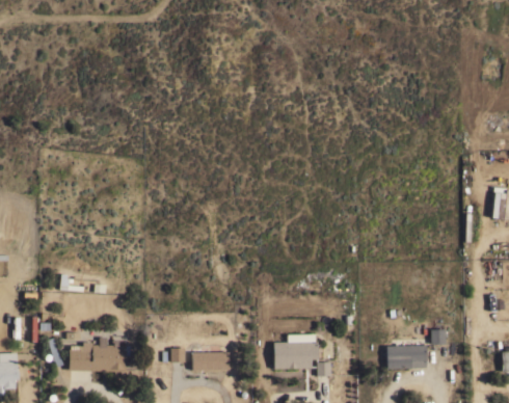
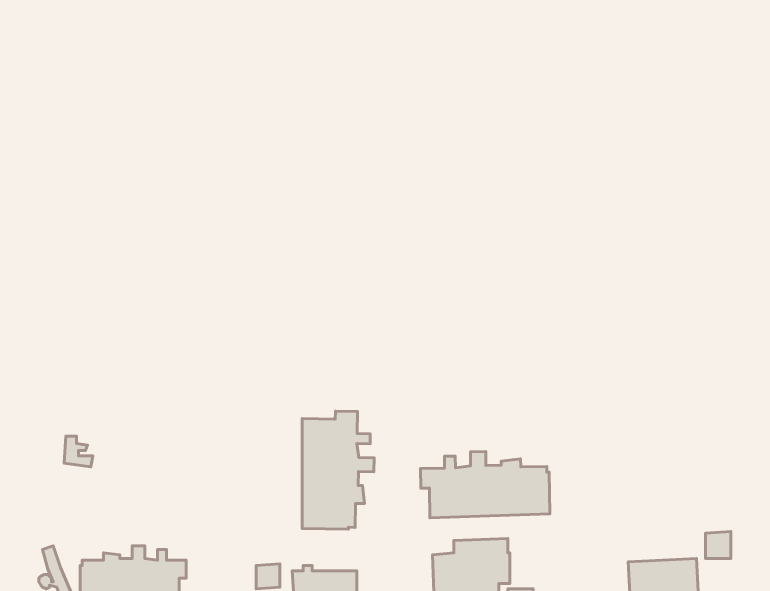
building: none -> [302,411,374,529]
building: none -> [421,452,550,518]

